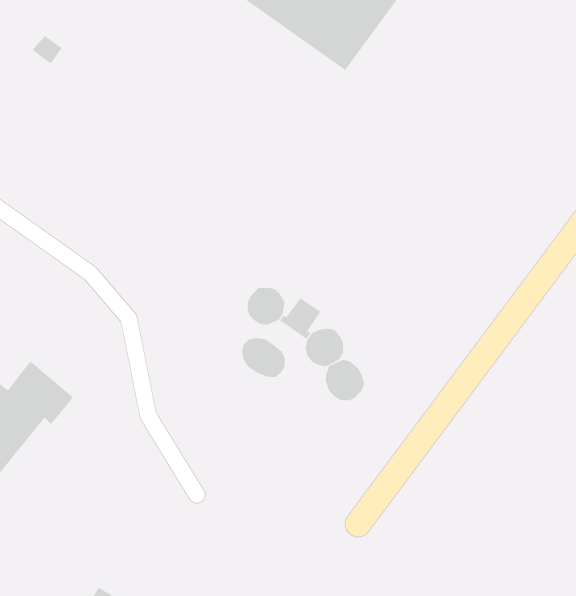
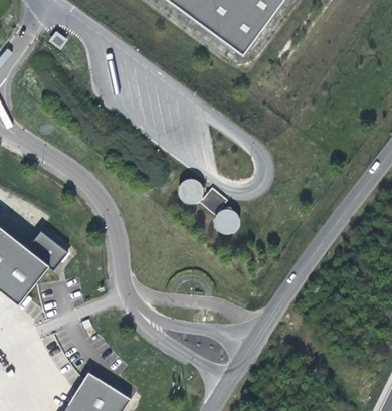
building: [241,338,285,378] -> none
building: [325,359,365,401] -> none

